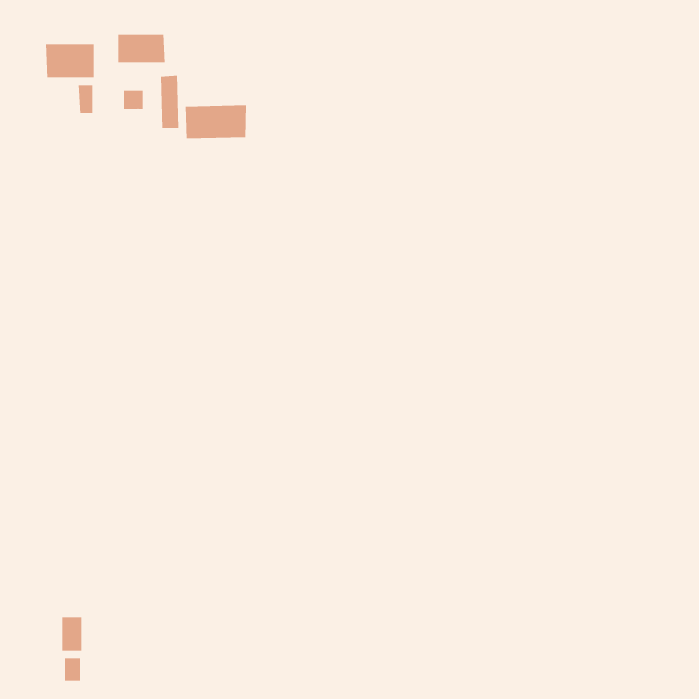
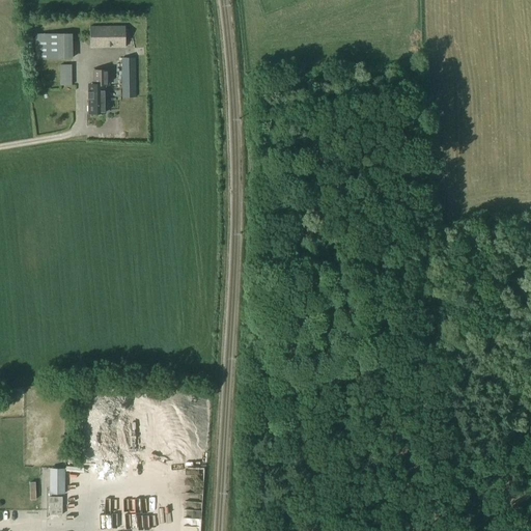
building: [185,105,247,139] -> none
building: none -> [88,83,105,113]

